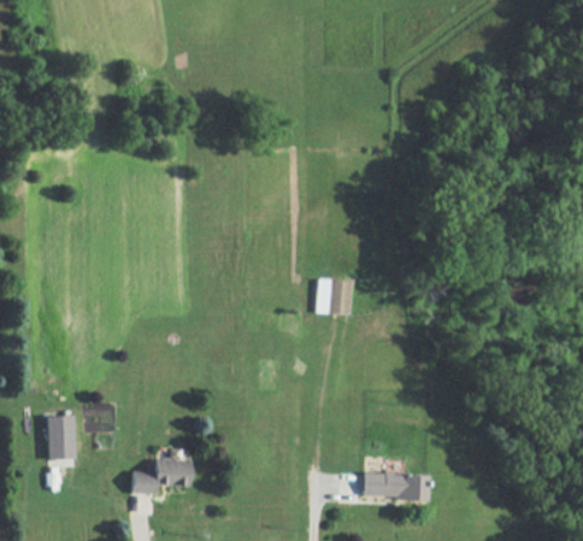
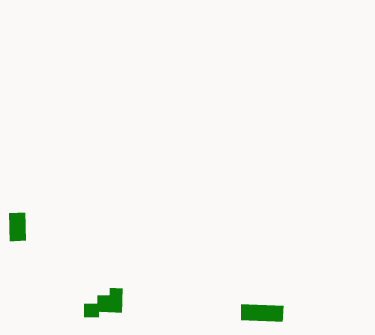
building: [316,278,349,313] -> none
building: [47,414,75,459] -> [8,212,27,242]

